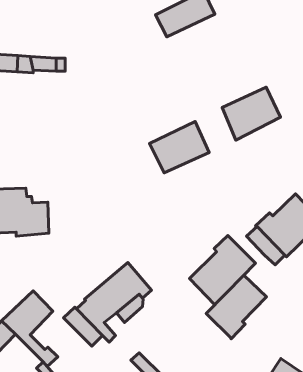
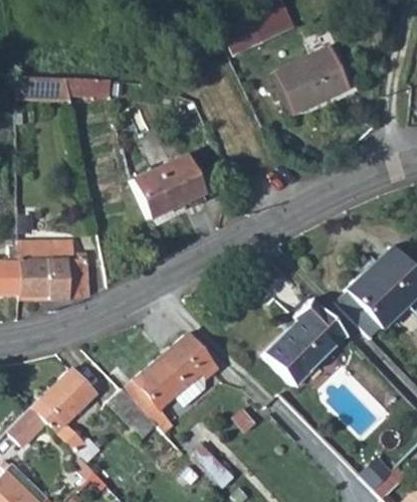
building: [222,87,281,140] -> [277,47,350,113]
building: [150,122,209,173] -> [133,155,206,218]
building: [206,275,266,339] -> none

